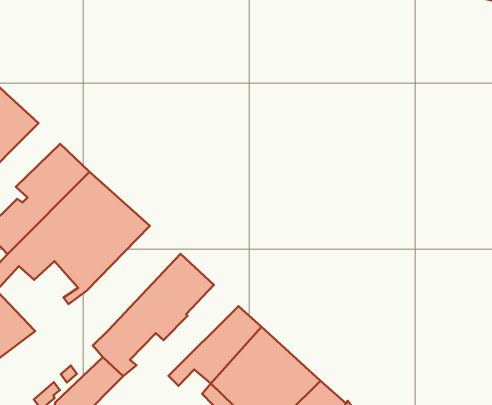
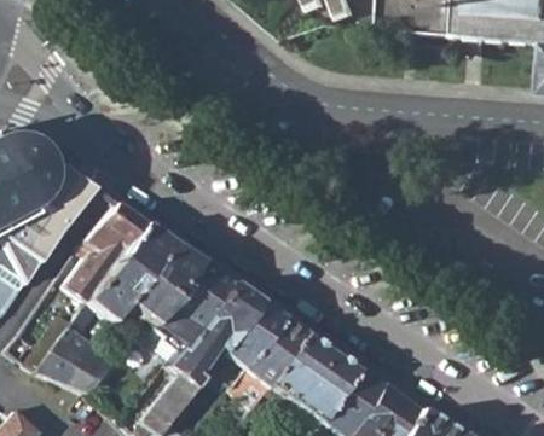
building: none -> [132,262,230,356]
building: none -> [213,303,284,386]

